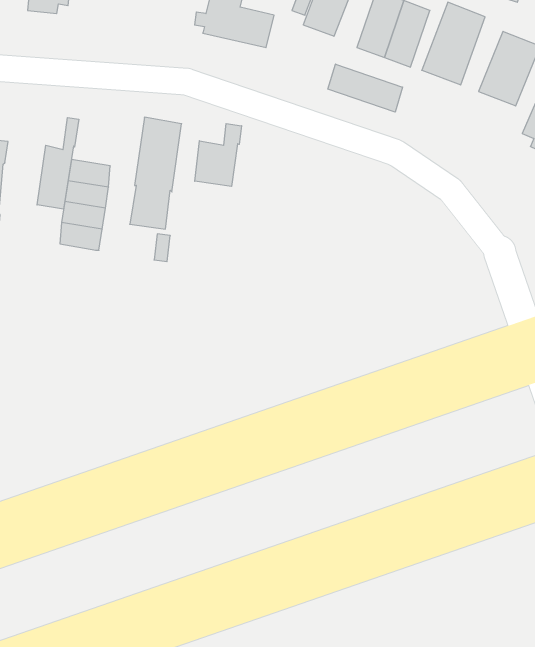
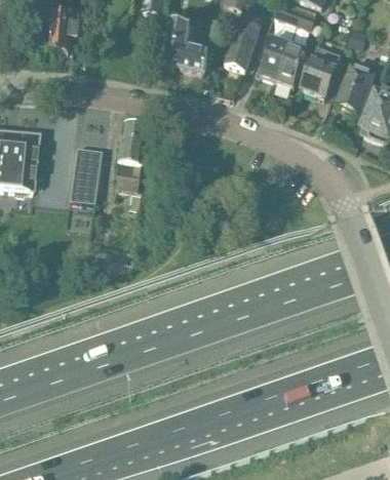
building: [328,64,403,112] -> none
building: [37,118,79,209] -> none
building: [195,124,242,186] -> none

